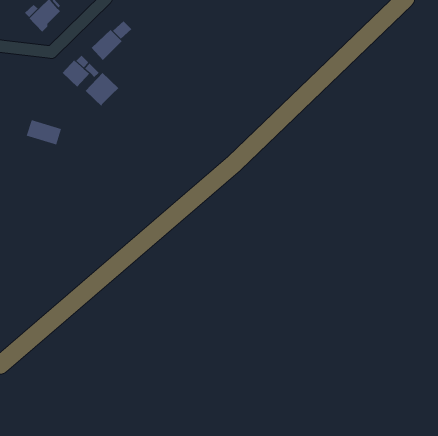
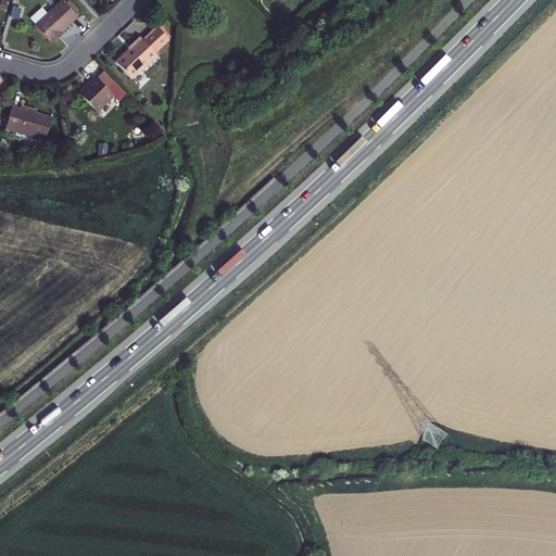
building: [85,72,119,107] -> none
building: [26,119,62,145] -> [5,105,51,138]

